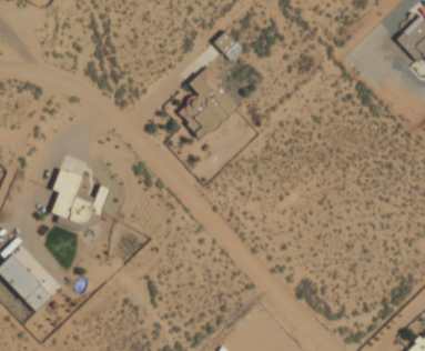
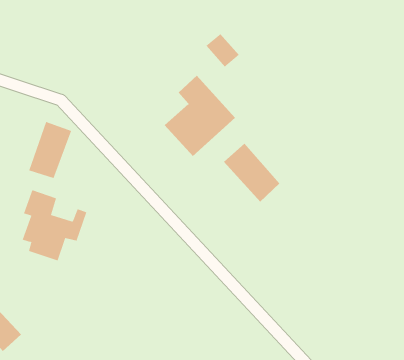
building: none -> [29,121,72,179]
building: none -> [223,143,280,203]

